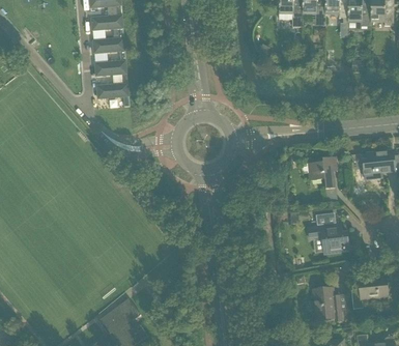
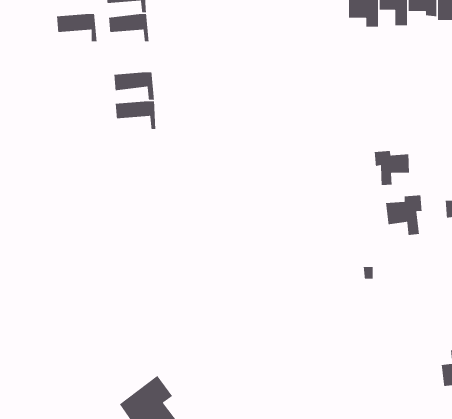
building: [93,38,125,61] -> [56,13,97,42]
building: none -> [374,150,410,186]
building: [308,214,349,255] -> none
building: [314,288,341,320] -> none

